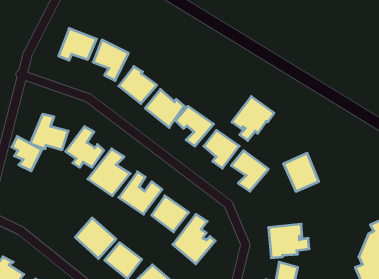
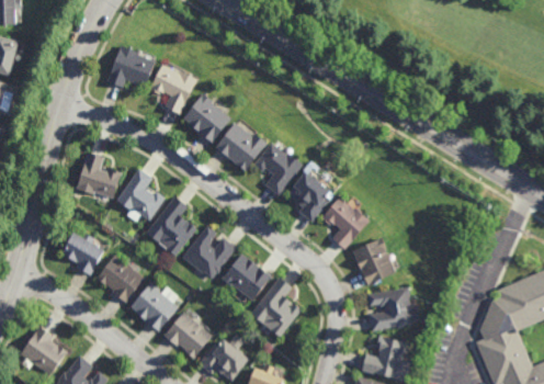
building: [232,96,274,141] -> none
building: [12,136,42,171] -> [66,233,103,275]
building: [283,153,319,191] -> [352,238,396,285]
building: none -> [97,257,144,302]

